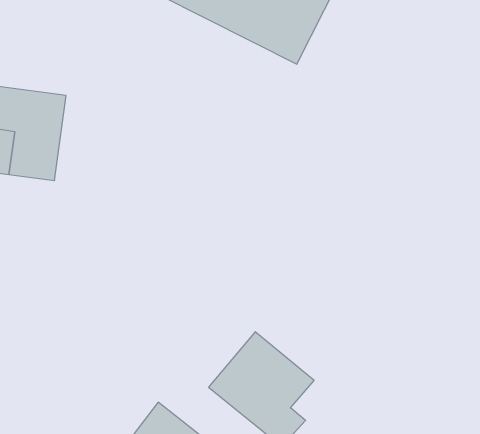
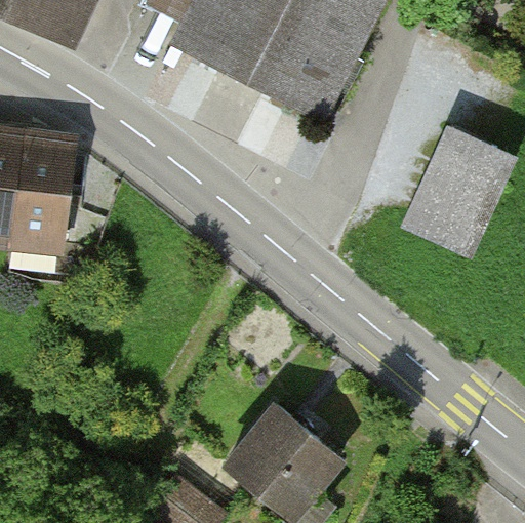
building: none -> [411,154,500,240]

